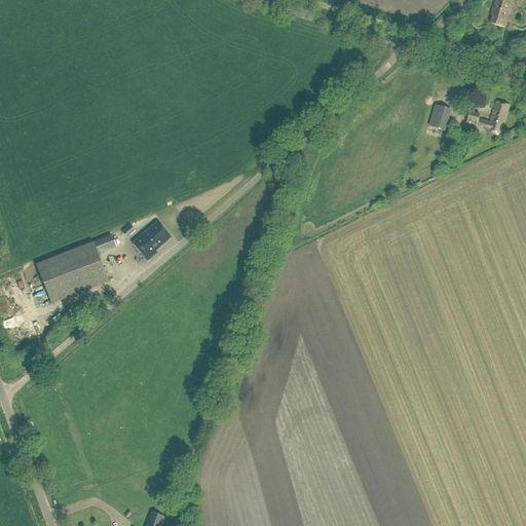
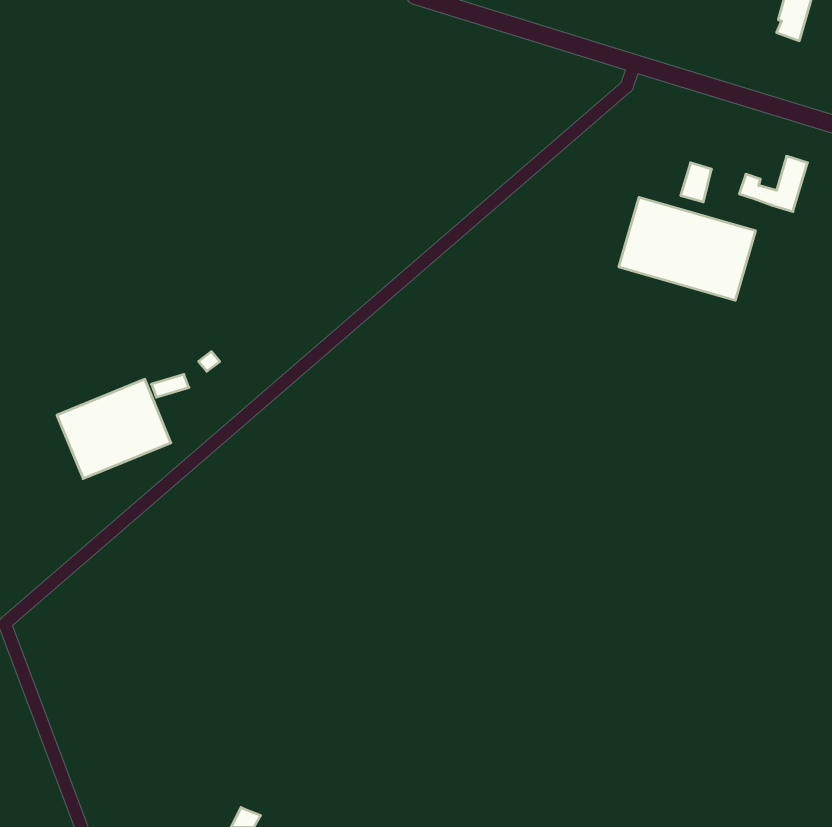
building: none -> [619,197,755,300]
building: [133,220,170,258] -> none

